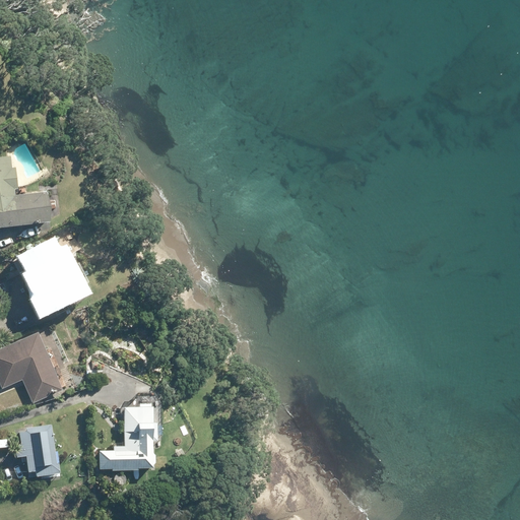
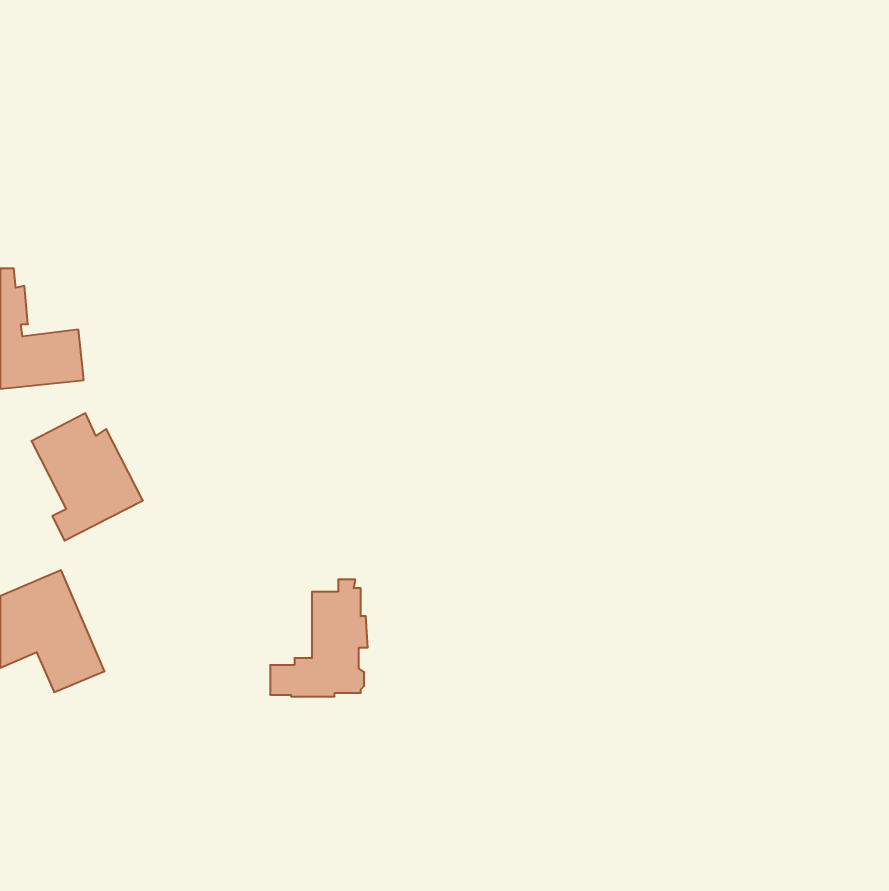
building: [100,401,156,469] -> [270,580,368,696]
building: [14,425,59,478] -> none

